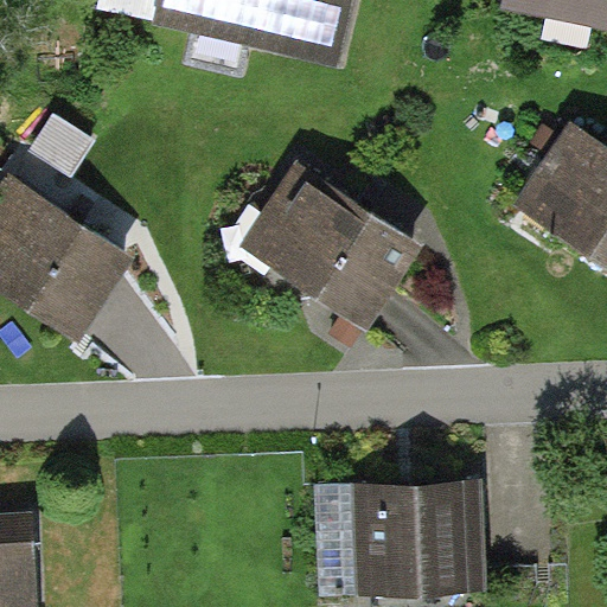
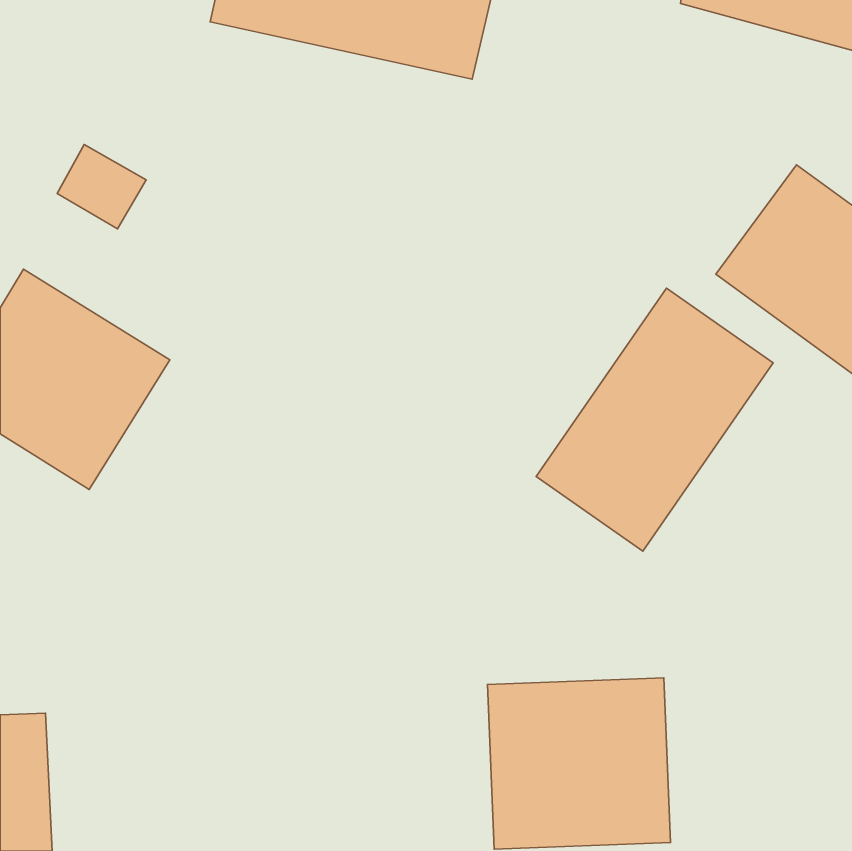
building: [226,155,414,332] -> none
building: none -> [536,288,773,551]

